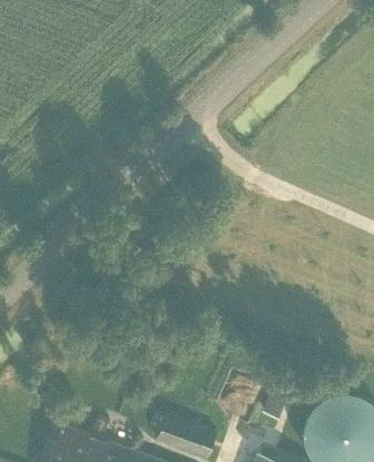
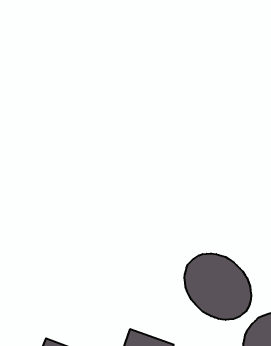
building: none -> [184,253,251,320]

